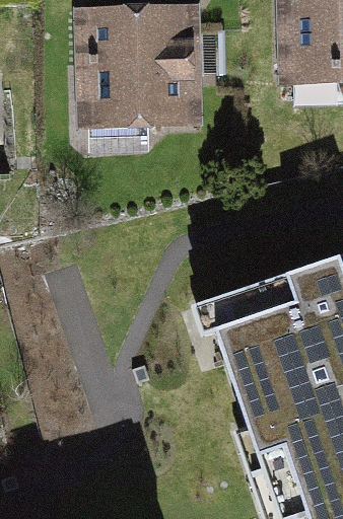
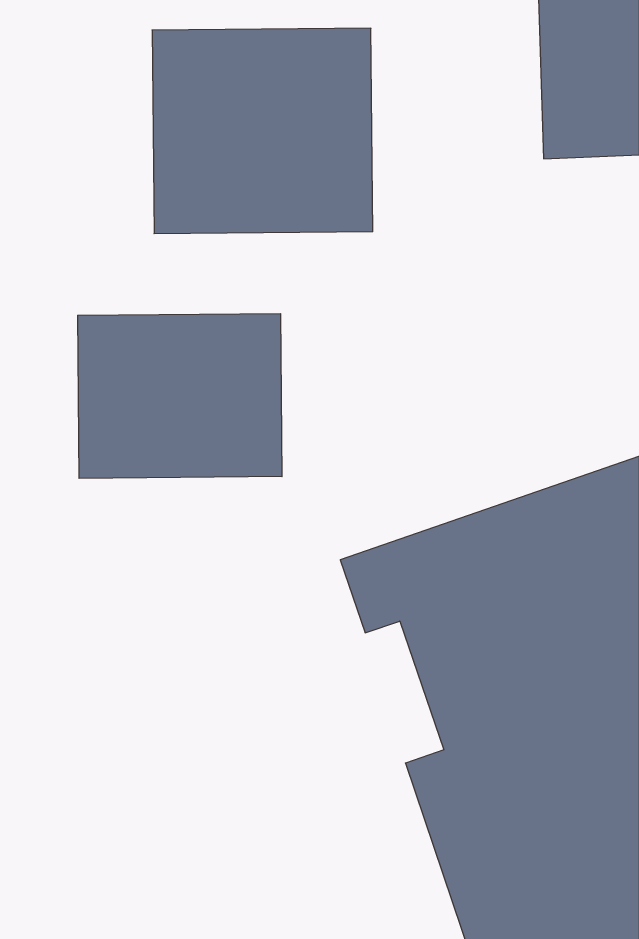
building: none -> [78,314,282,478]

